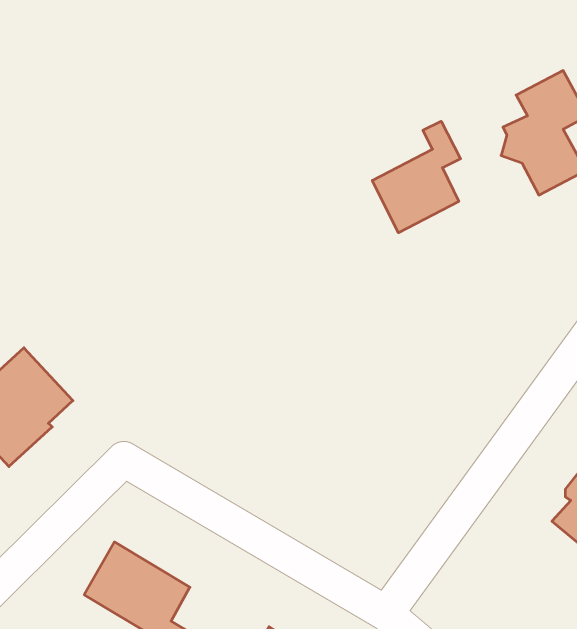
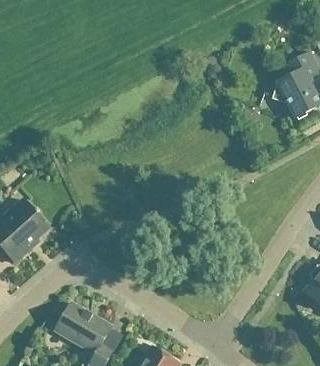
building: [372,121,461,233] -> none

